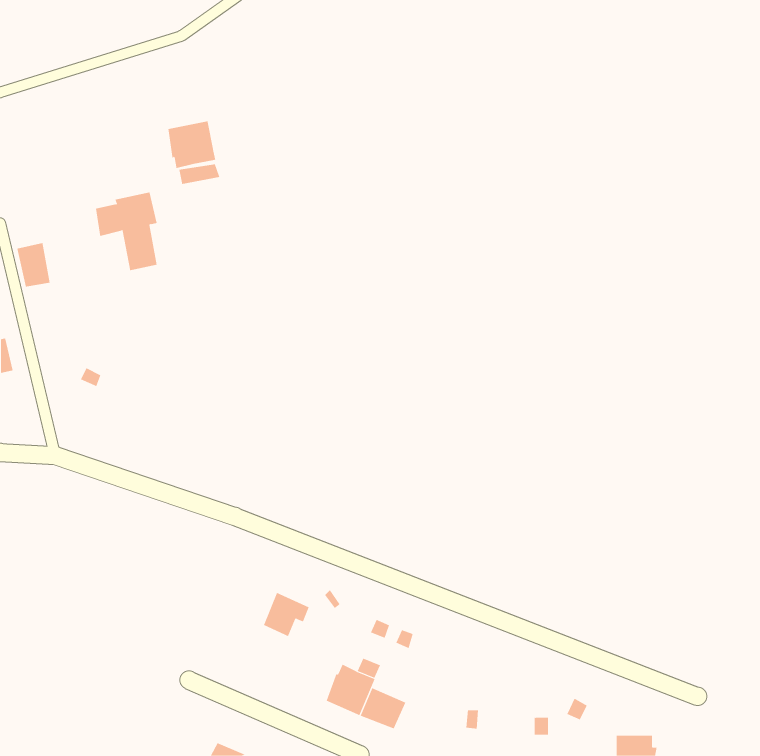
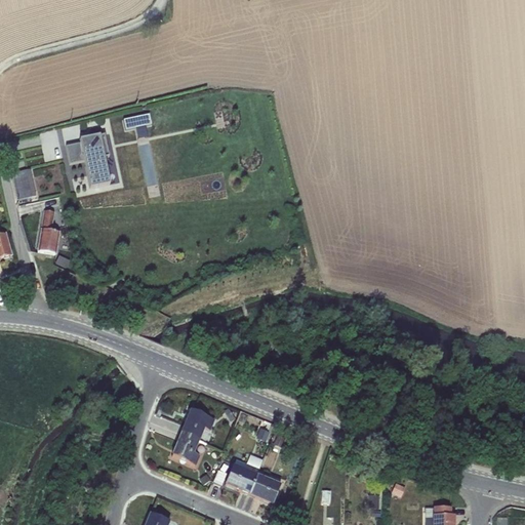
building: [168,121,216,169] -> none
building: none -> [37,208,58,252]
building: none -> [171,431,199,463]

